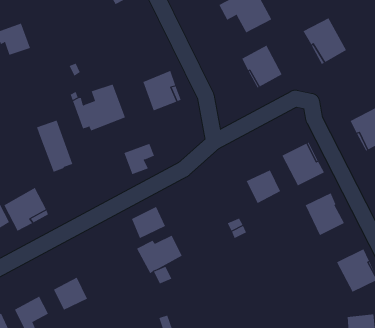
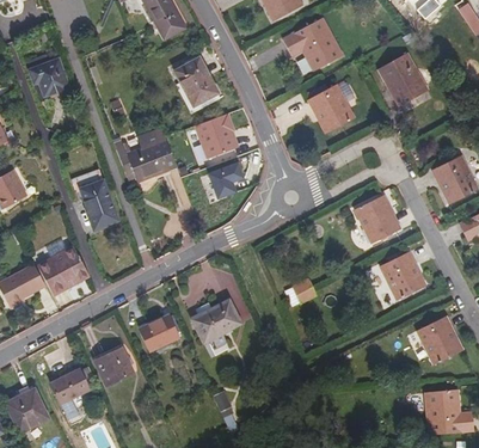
building: none -> [174,57,219,106]
building: [123,143,155,175] -> [205,164,241,200]
building: [246,169,281,204] -> none
building: [131,206,166,239] -> [140,314,179,351]

